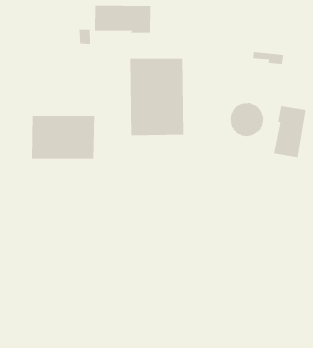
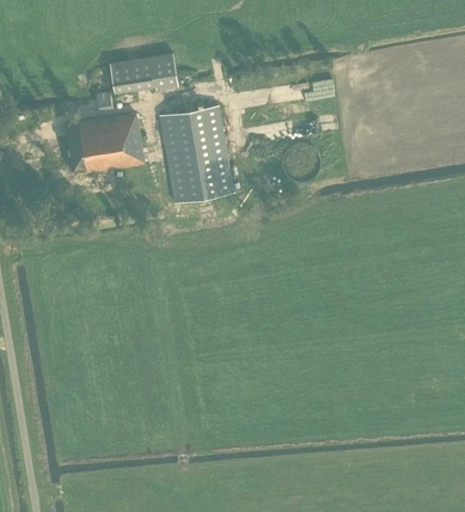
building: [273,105,306,158] -> none
building: [31,115,95,159] -> [66,112,143,173]

